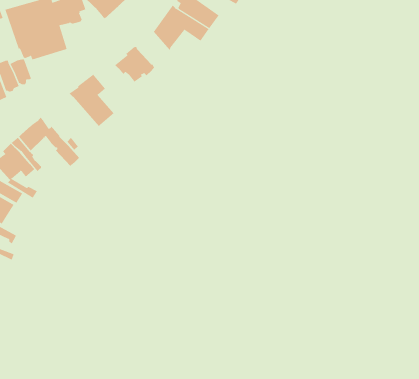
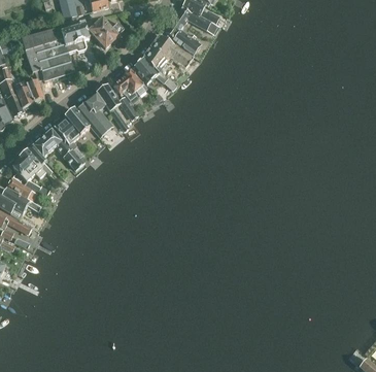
building: none -> [133,57,177,90]
building: none -> [97,83,138,129]
building: none -> [54,109,90,143]

